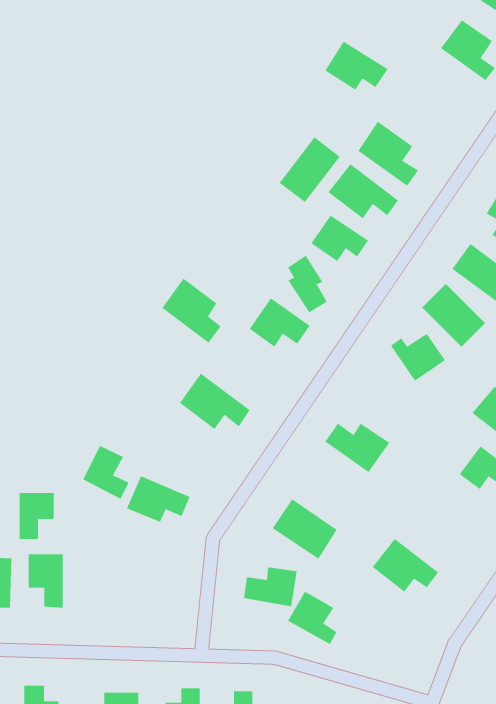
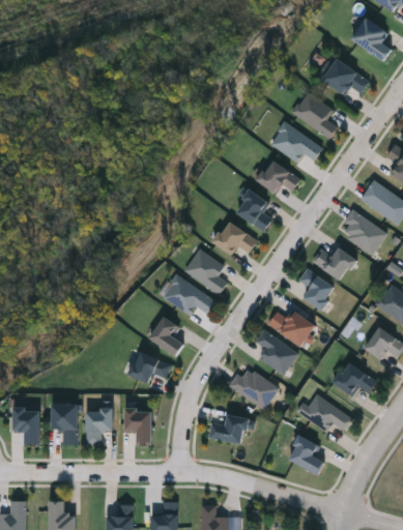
building: [324,41,389,91] -> [322,59,369,95]
building: [279,137,340,203] -> none
building: [162,278,222,343] -> [183,248,227,296]
building: none -> [297,267,336,311]
building: [82,445,129,499] -> [149,316,183,355]
building: none -> [254,328,296,375]
building: [19,492,55,539] -> [86,411,112,445]
building: none -> [333,361,377,396]
building: none -> [125,409,152,445]
building: [287,591,337,645] -> [287,436,323,475]

